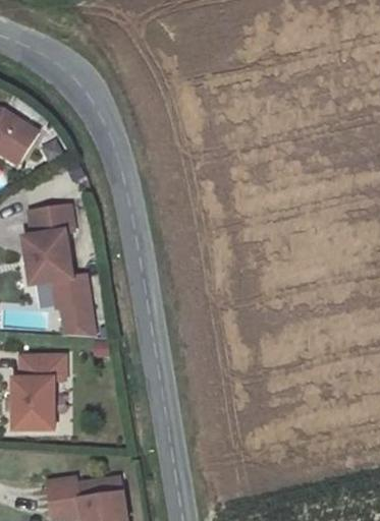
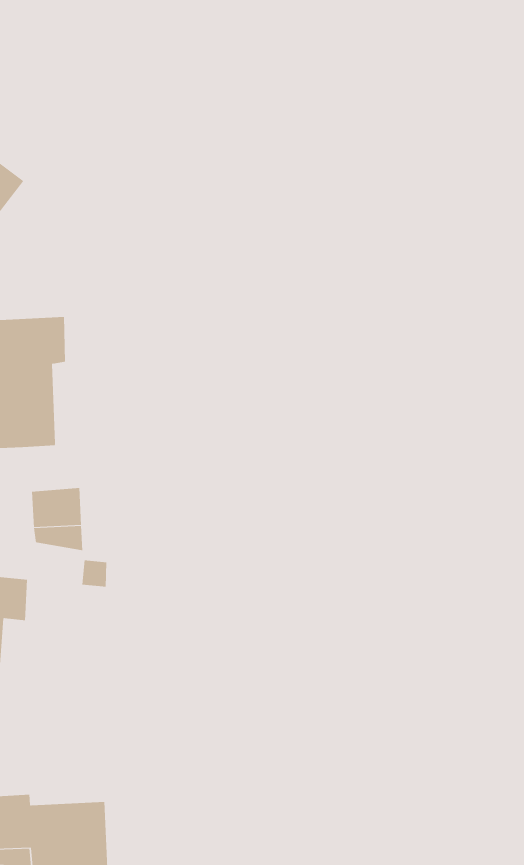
building: [53,275,88,305] -> none

